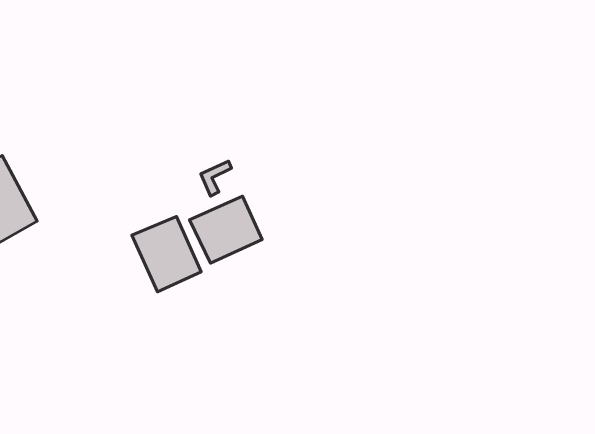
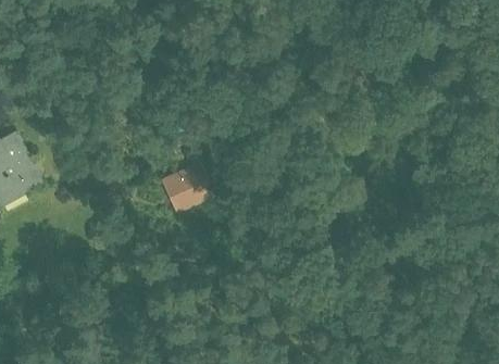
building: [132,216,201,292] -> none

